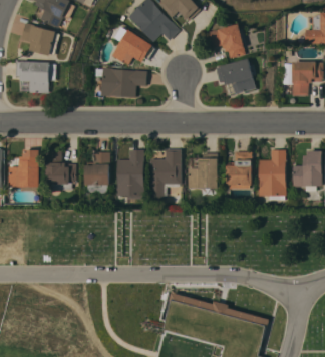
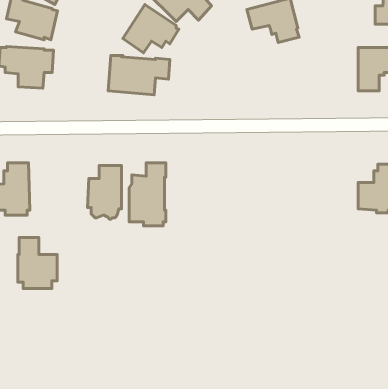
building: [216,57,257,93] -> none
building: [148,148,181,198] -> none
building: [45,149,75,189] -> [18,238,57,289]
building: [257,149,285,199] -> none
building: [225,150,251,188] -> none
building: [187,152,218,188] -> none

